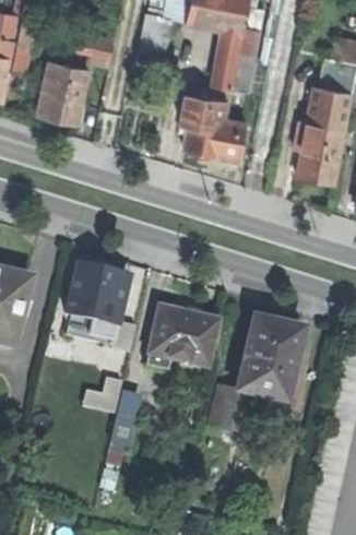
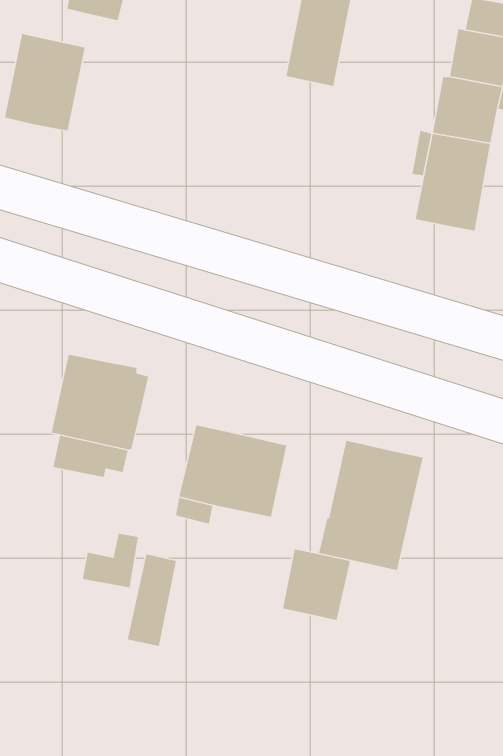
building: [180,96,246,162] -> none

